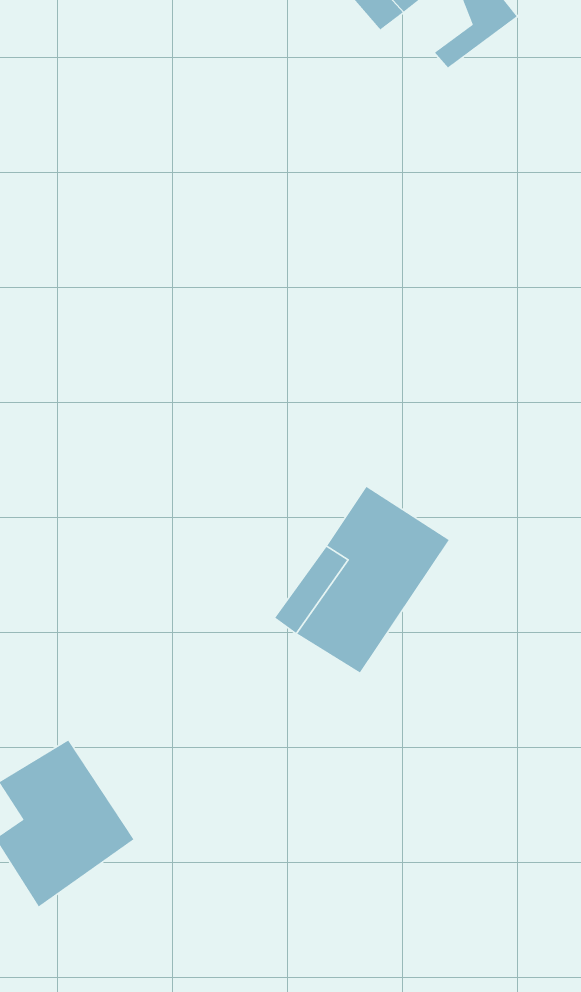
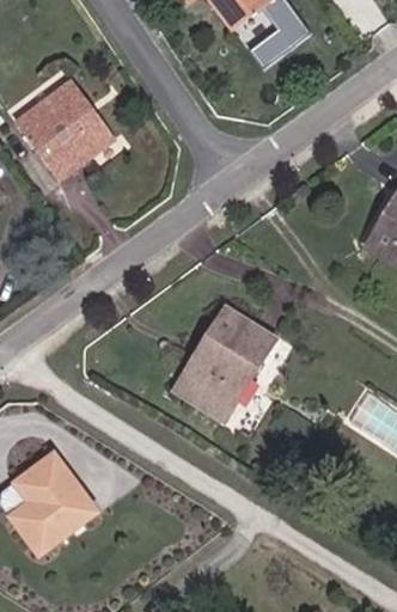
building: none -> [24,87,121,180]

